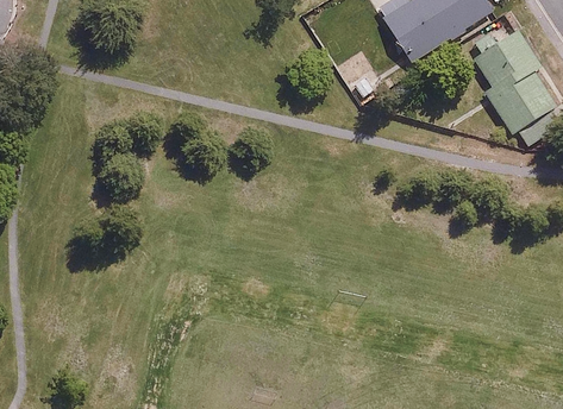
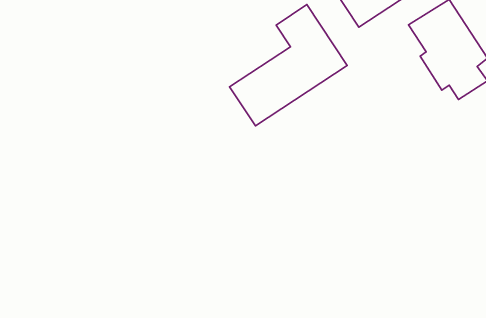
building: none -> [230,5,347,126]

